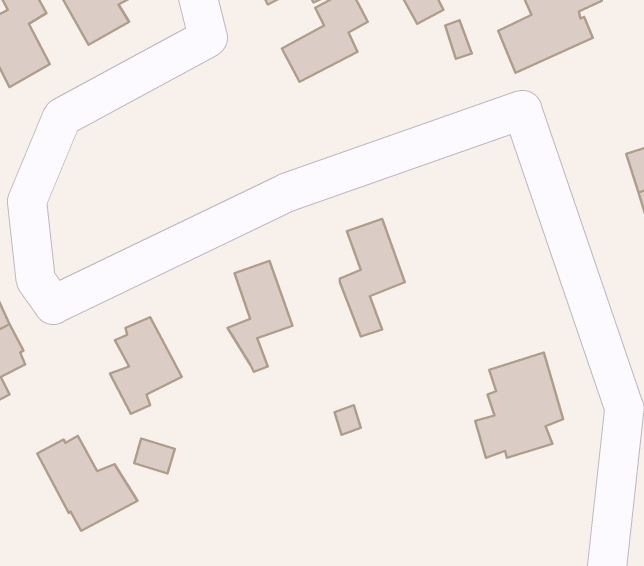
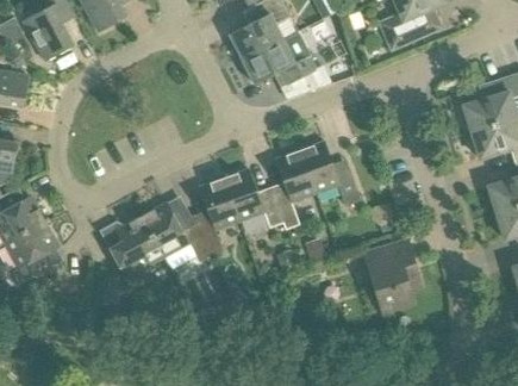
building: none -> [242,36,317,83]
building: none -> [298,141,360,205]
building: none -> [221,168,281,228]
building: [37,436,137,531] -> [141,204,208,268]

